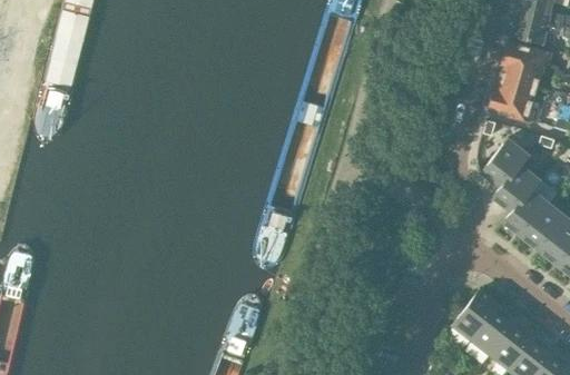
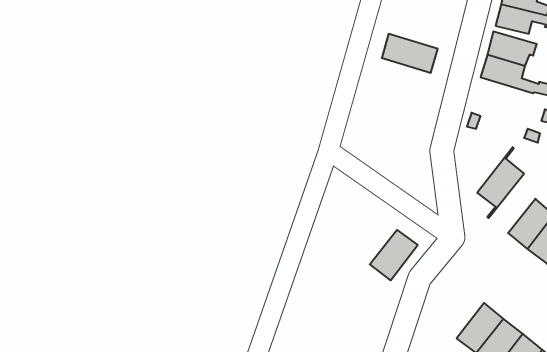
building: [491,87,546,125] -> [382,34,438,73]
building: [482,139,529,199] -> none
building: [505,180,551,238] -> none
building: [454,292,501,341] -> [370,230,418,280]

